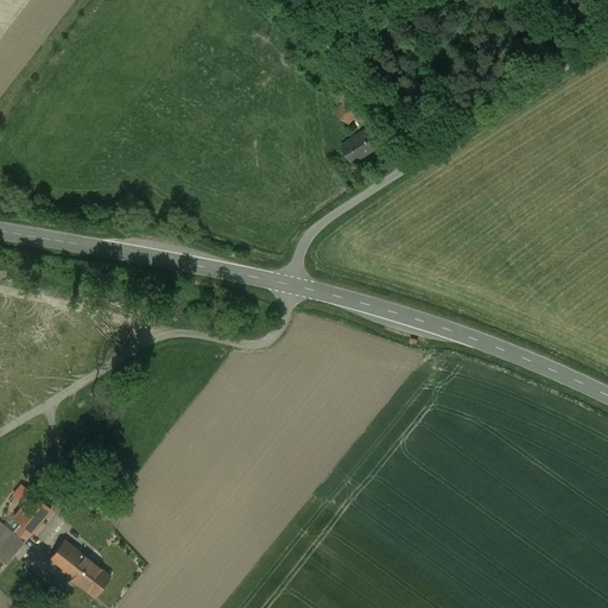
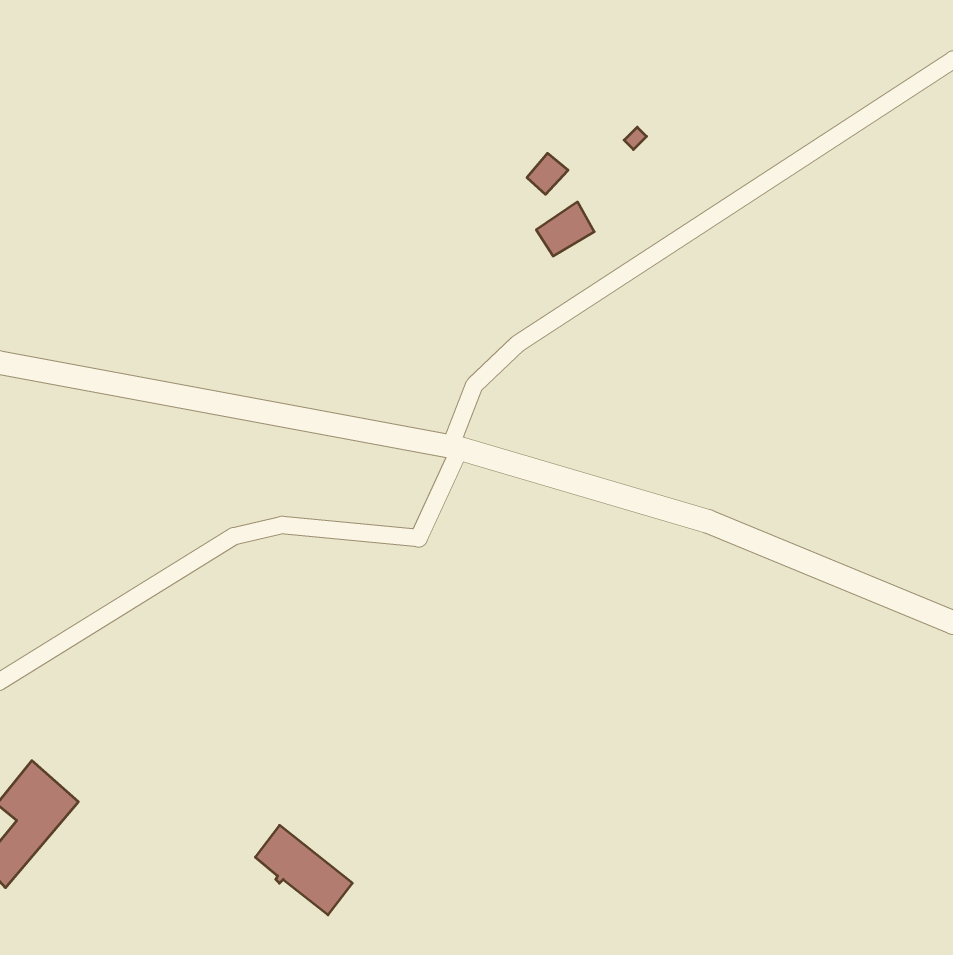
building: [48,540,109,597] -> [255,825,352,915]

